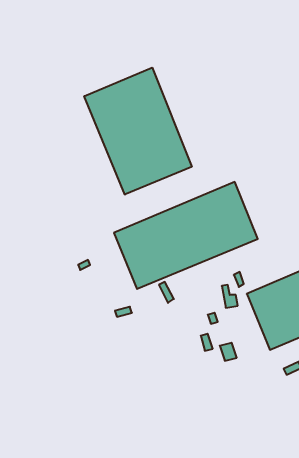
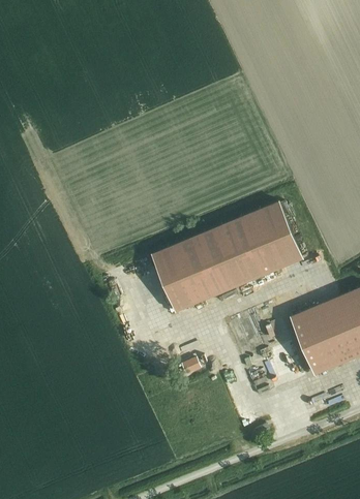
building: [84,68,192,195] -> none

